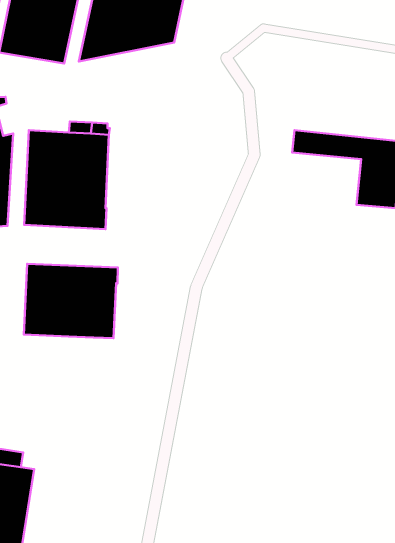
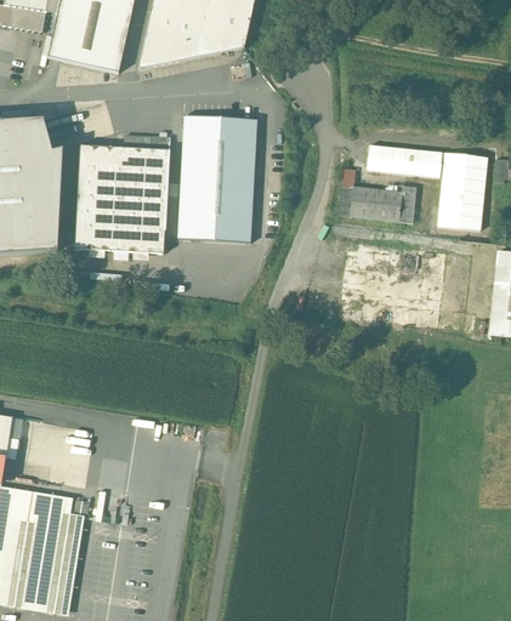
building: none -> [177,115,257,241]
building: none -> [350,184,416,222]
building: [24,264,118,338] -> none

